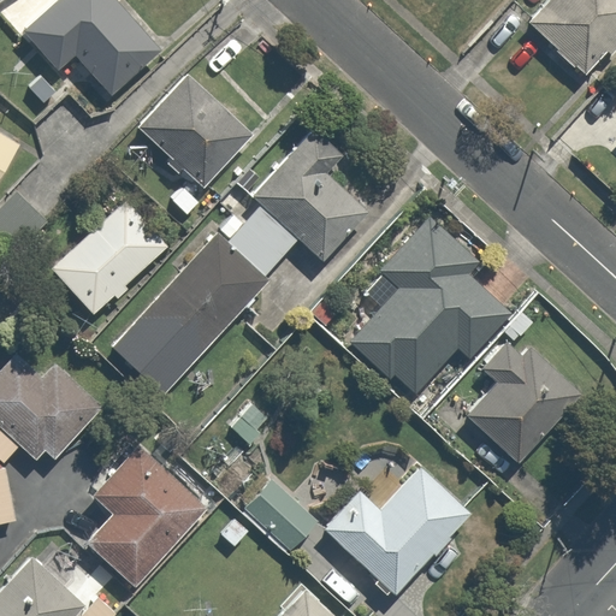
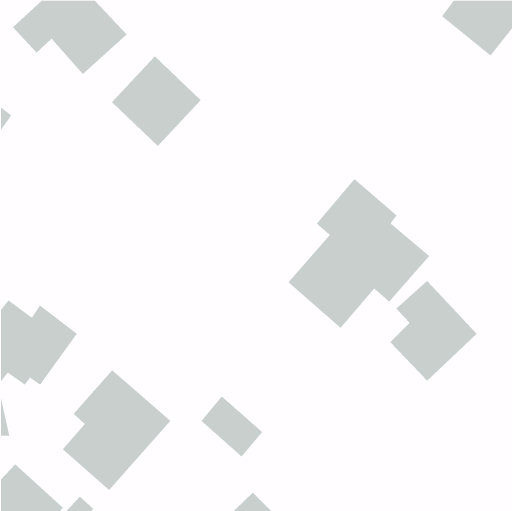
building: [128,131,384,372] -> none
building: [49,201,168,320] -> none
building: [325,467,468,591] -> none

